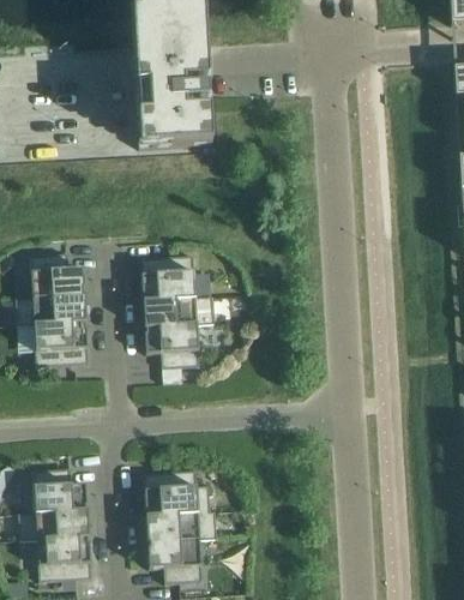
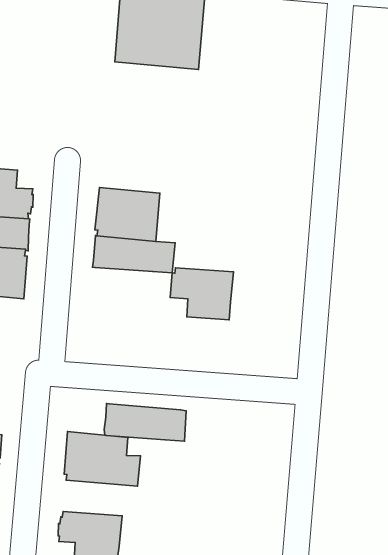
building: [144,324,199,368] -> [170,268,233,320]
building: [145,511,217,542] -> [104,403,186,441]

